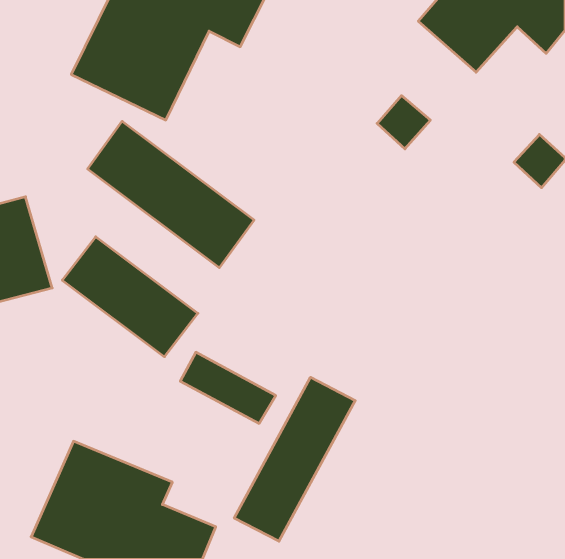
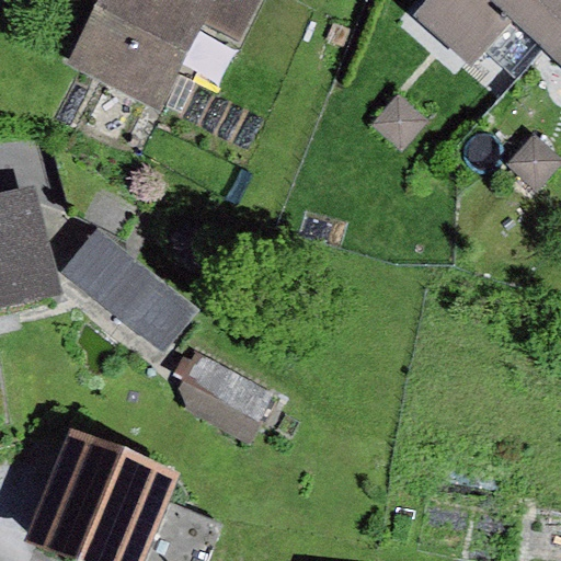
building: [88,121,254,268] -> none
building: [234,377,355,541] -> none

